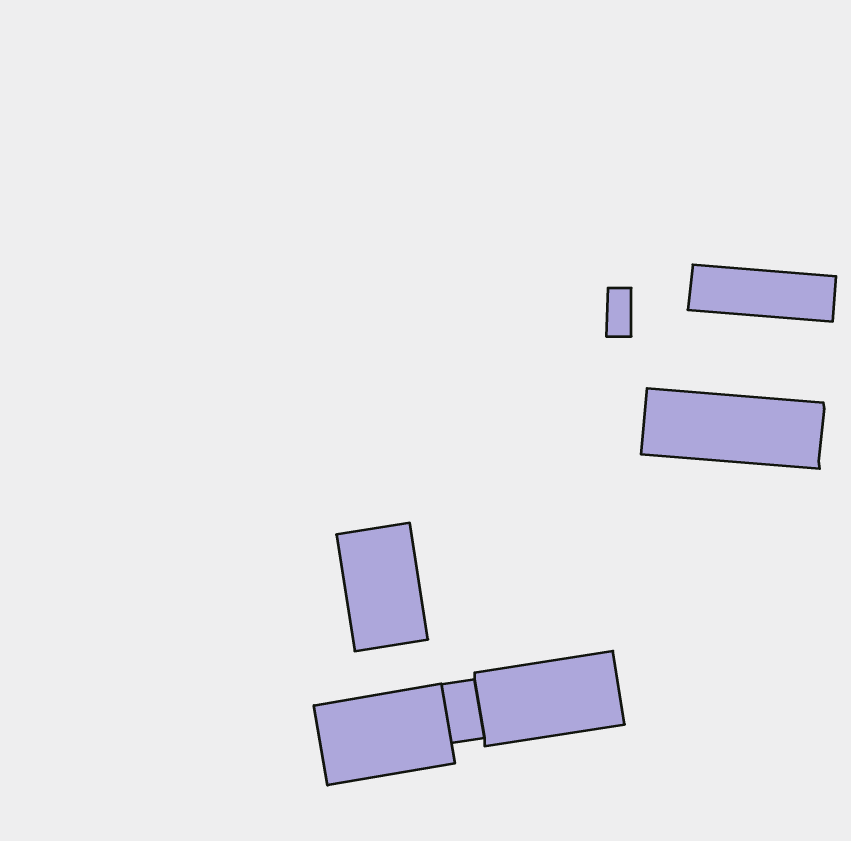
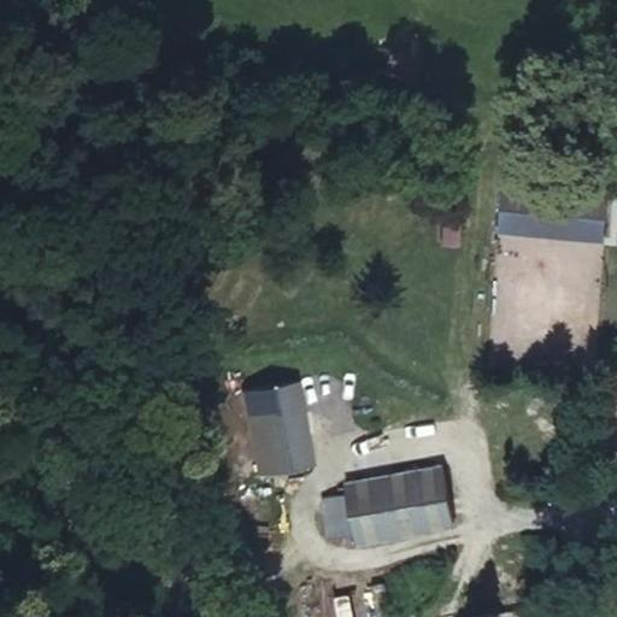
building: [641,388,824,469] -> none
building: [314,684,455,785] -> none

